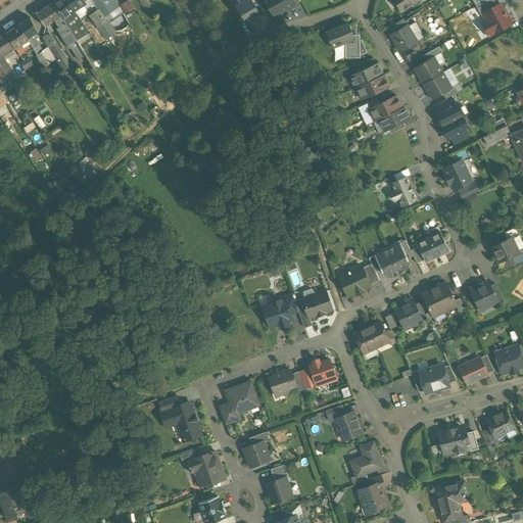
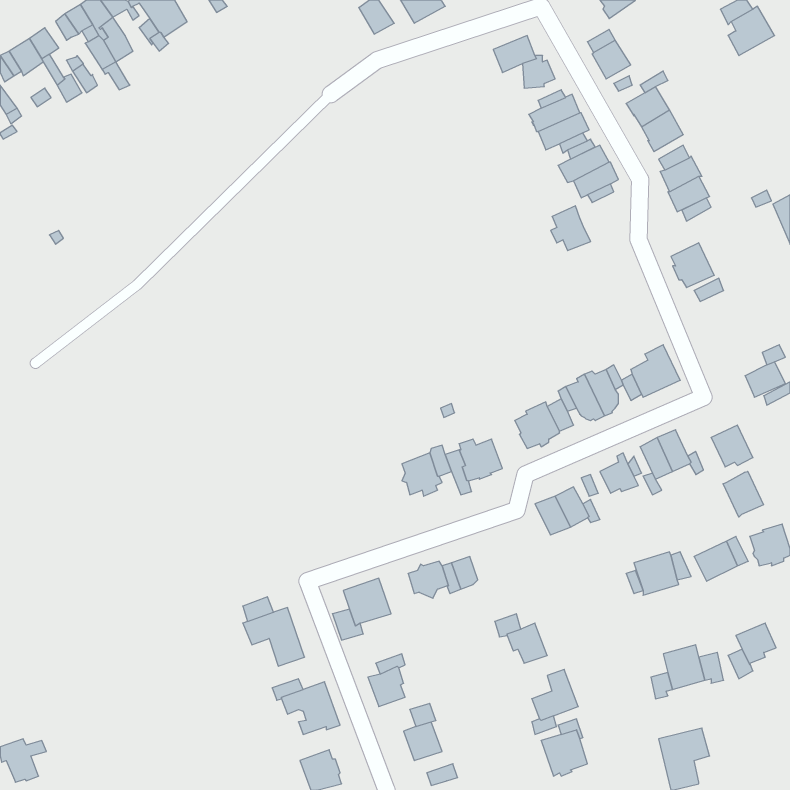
building: [390,177,417,206] -> [551,206,591,251]
building: none -> [723,471,764,517]
building: [310,359,336,383] -> none

